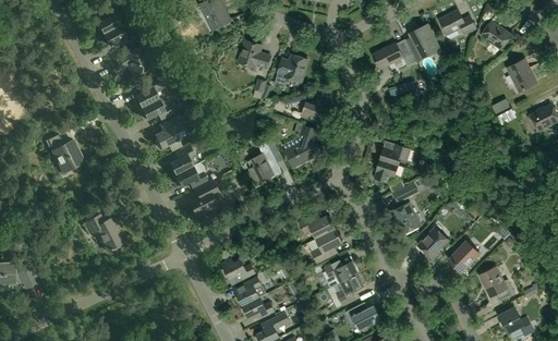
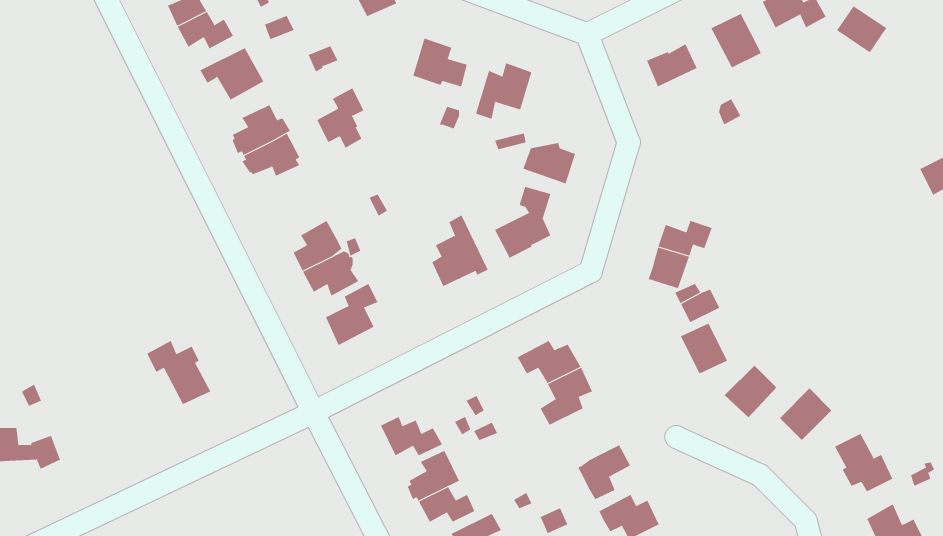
building: [506,61,535,90] -> none
building: [156,117,183,151] -> [317,88,364,148]
building: [46,134,83,171] -> none
building: [323,259,357,288] -> none

